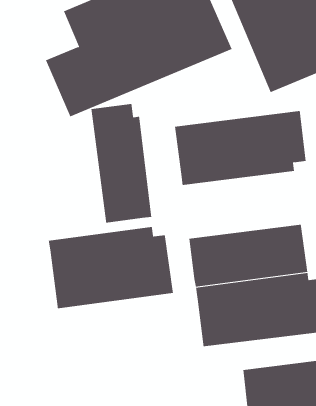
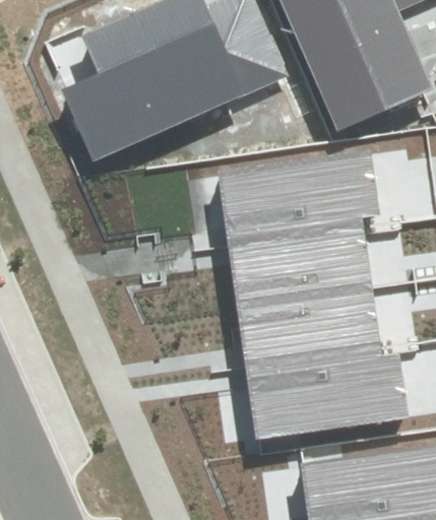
building: [91,103,152,223] -> none
building: none -> [230,224,374,306]
building: [48,226,174,309] -> none

